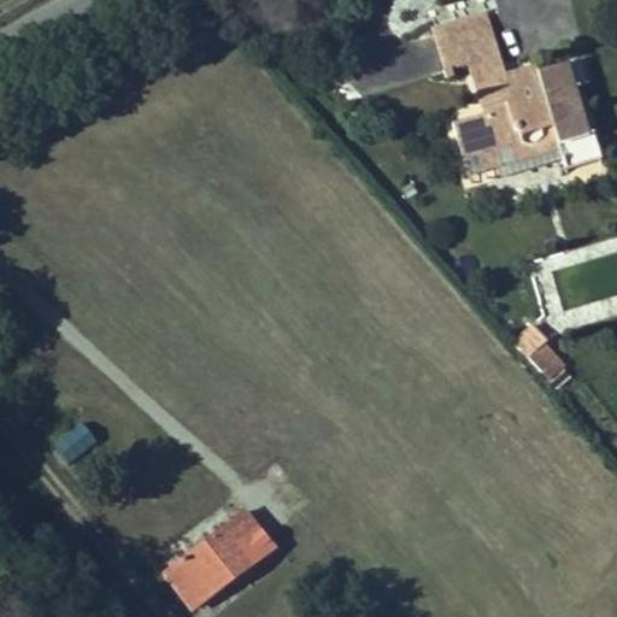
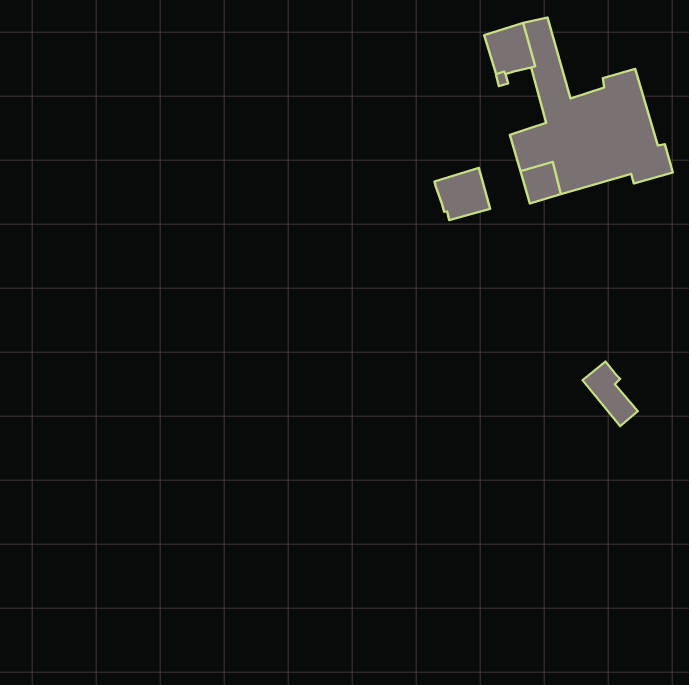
building: none -> [434,168,490,220]
building: [164,507,271,605] -> none

